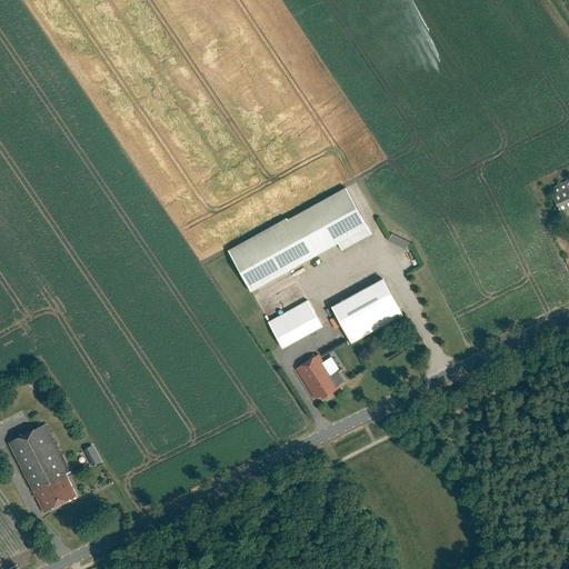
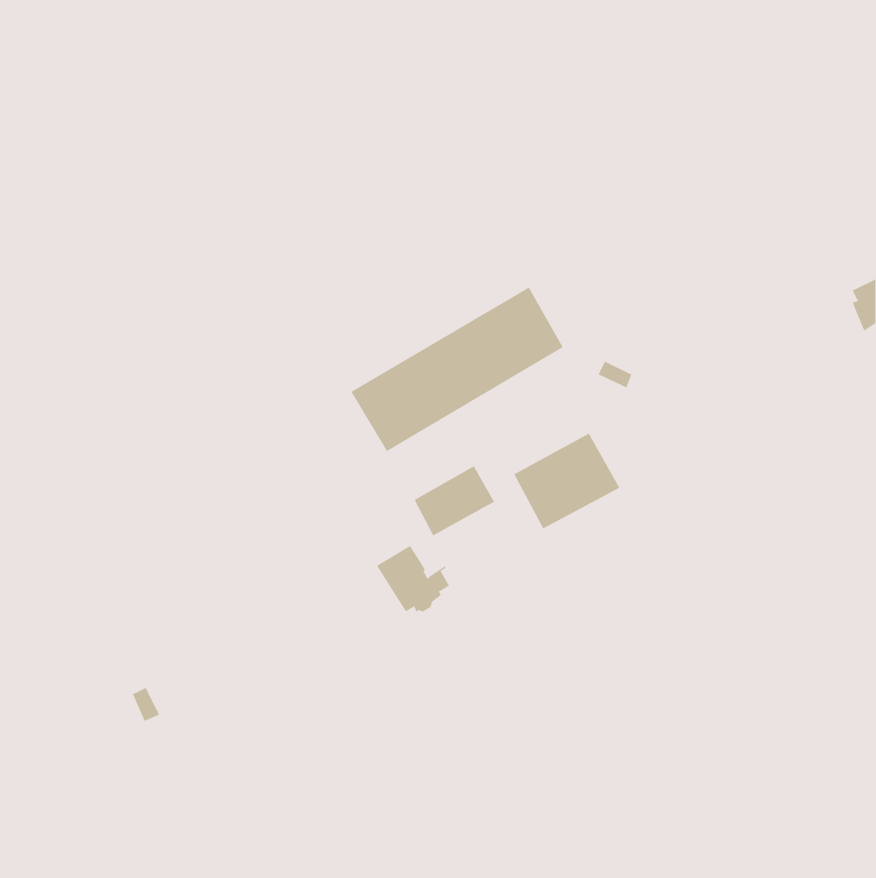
building: [296,356,343,399] -> [376,545,450,612]
building: [8,423,76,512] -> none

